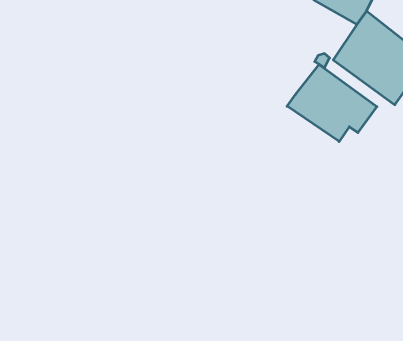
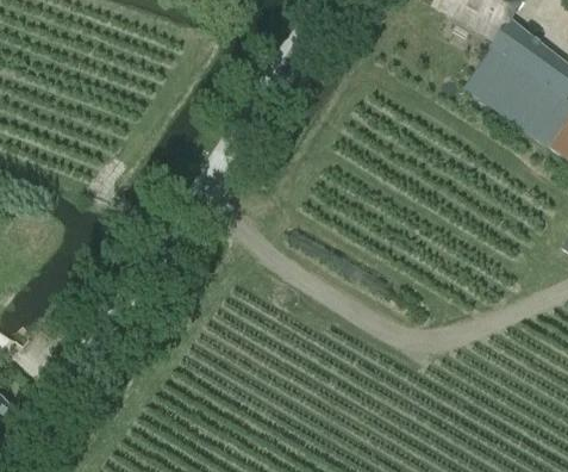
building: [287,64,377,142] -> none

